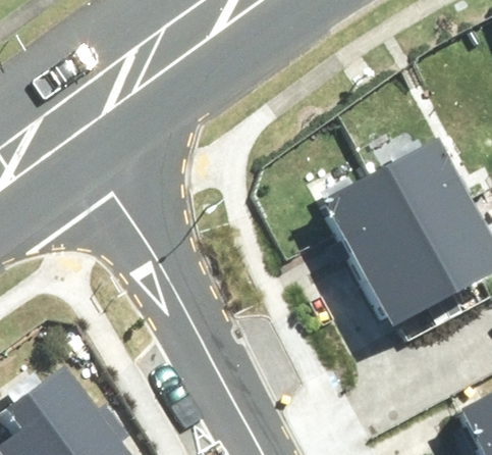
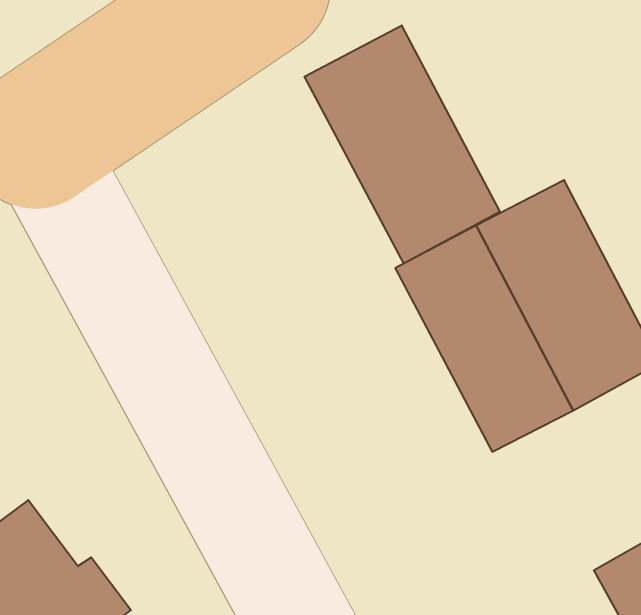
building: none -> [304,25,500,264]

